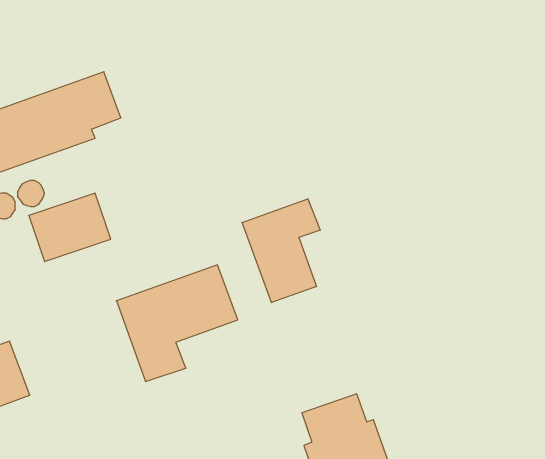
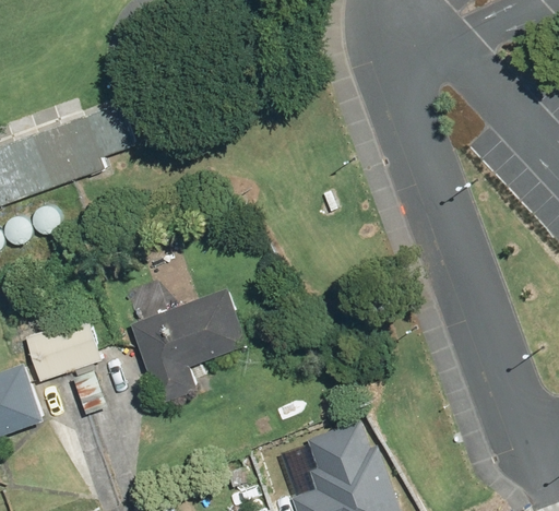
building: [29,193,111,262] -> [22,316,102,382]
building: [242,199,320,303] -> none

